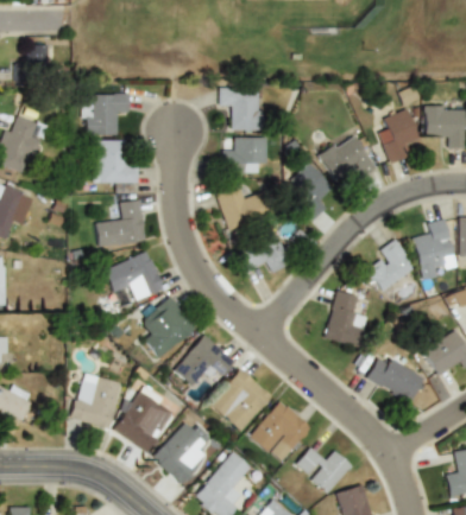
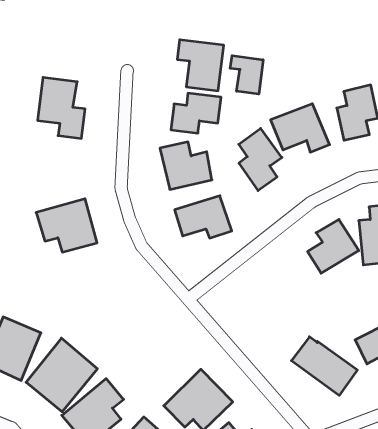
building: [81,95,130,135] -> none
building: none -> [230,56,263,94]
building: [95,201,145,247] -> none
building: [322,291,364,345] -> none
building: [143,297,195,356] -> none
building: [174,335,237,389] -> none
building: [207,368,273,434] -> none

